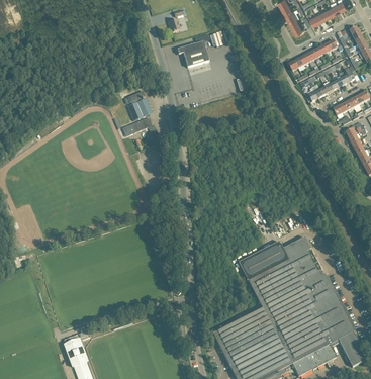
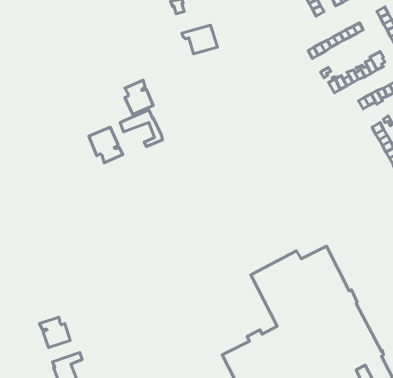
building: none -> [89,127,123,163]
building: none -> [40,317,70,348]

